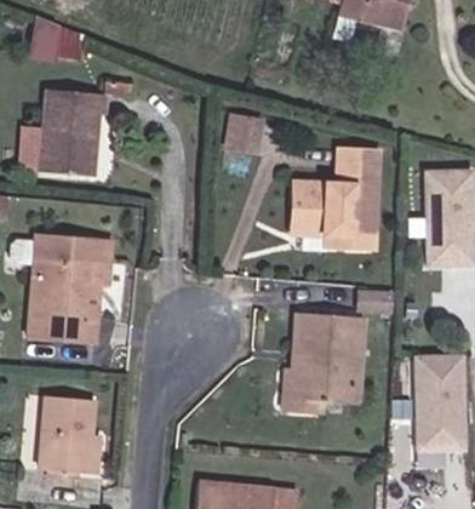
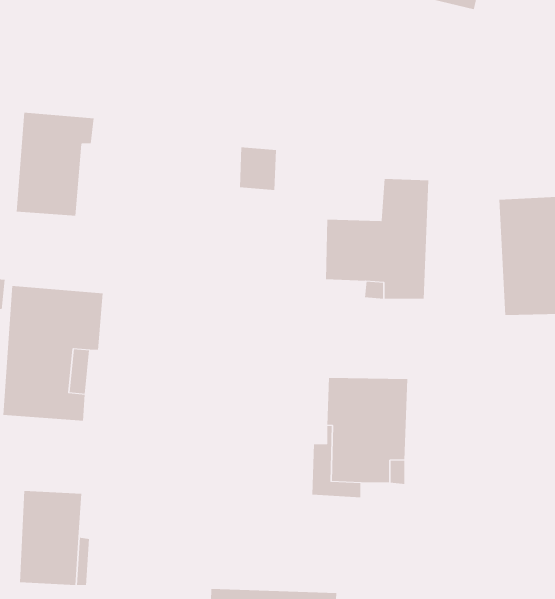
building: [33,19,81,59] -> none
building: [408,355,459,451] -> none

